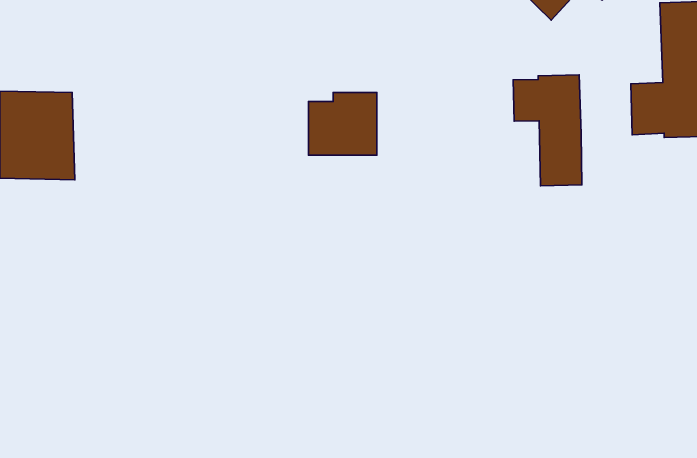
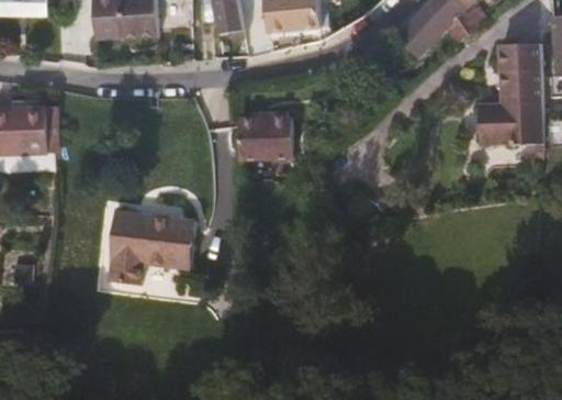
building: [513,75,582,186] -> none
building: none -> [106,210,194,285]

